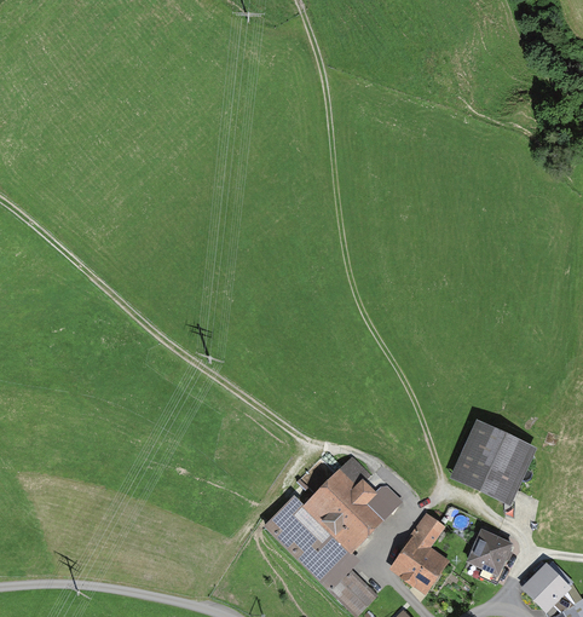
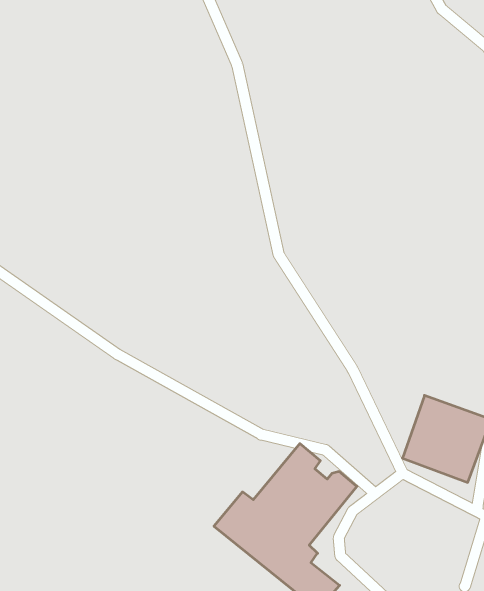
building: [388,511,449,594] -> none
building: [464,527,513,583] -> none

